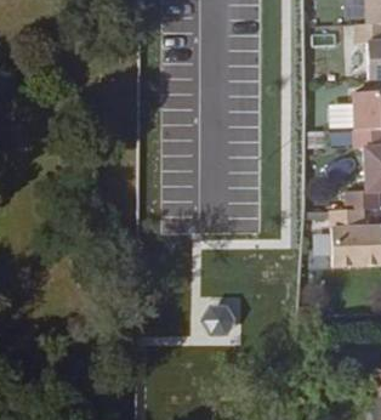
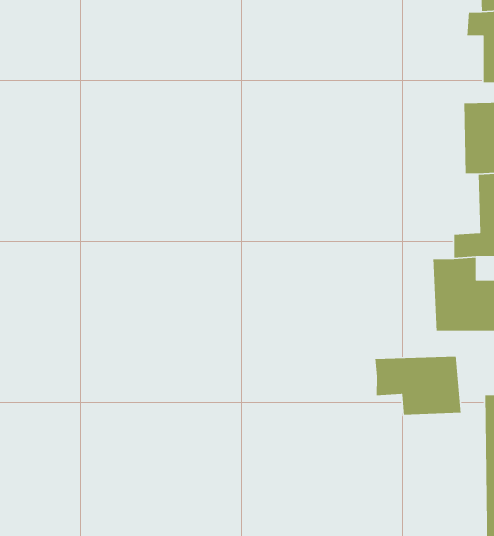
building: none -> [374,356,462,415]

